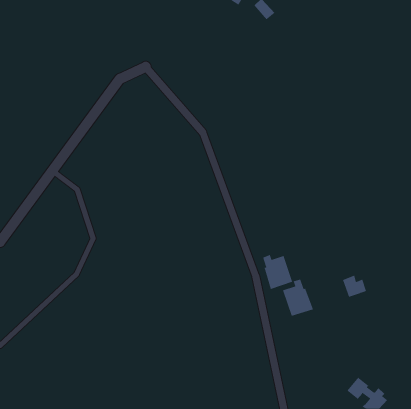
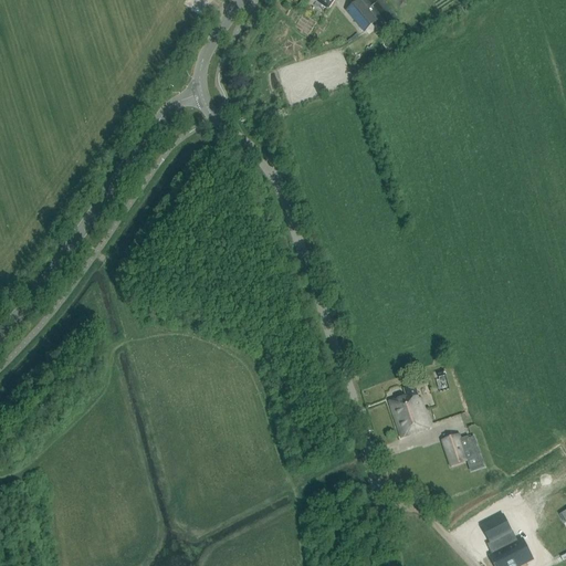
building: [262,254,293,290] -> none
building: [342,275,367,297] -> [441,432,475,463]

